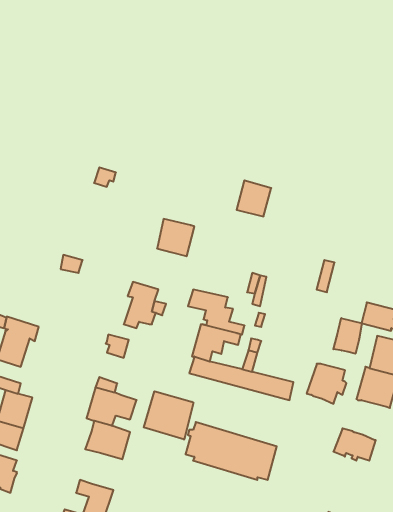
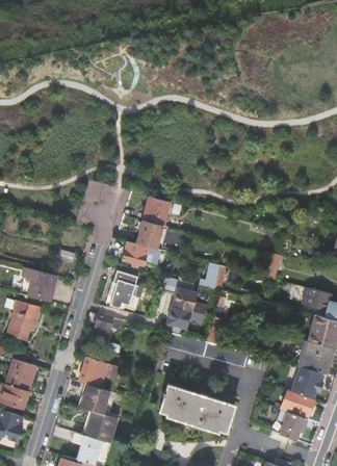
building: [237,180,271,216] -> [141,197,170,226]
building: none -> [122,242,148,266]
building: none -> [21,268,57,302]
building: [333,318,362,354] -> none
building: [307,364,346,404] -> [290,367,322,399]
building: [144,391,193,440] -> none
building: none -> [83,410,116,443]
building: none -> [279,412,307,440]

